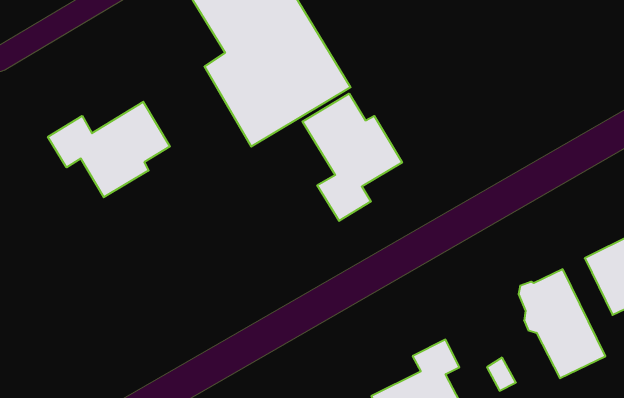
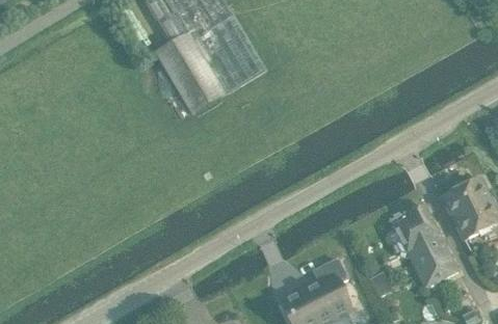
building: [302,94,402,221] -> none
building: [48,102,170,197] -> none

